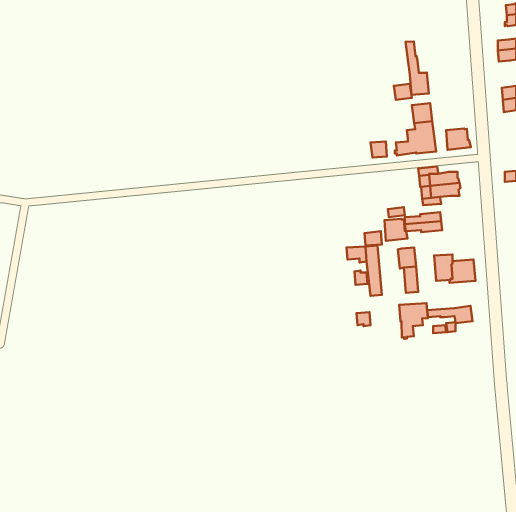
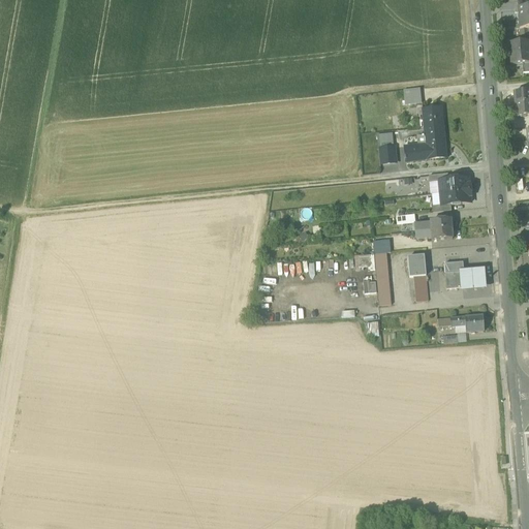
building: [406,41,429,95] -> none
building: [446,128,471,150] -> none
building: [385,219,407,241] -> none
building: [399,303,428,339] -> none

